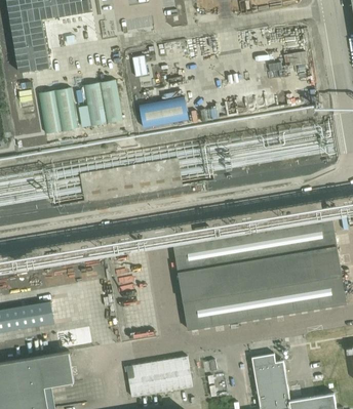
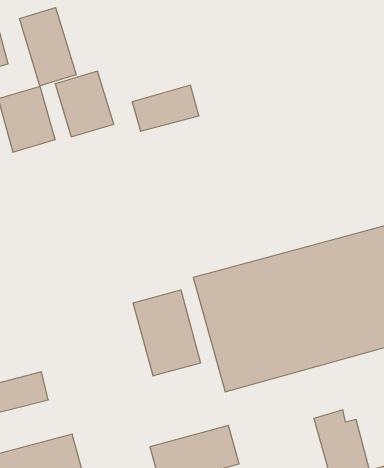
building: none -> [19,8,76,86]
building: none -> [133,290,201,376]

